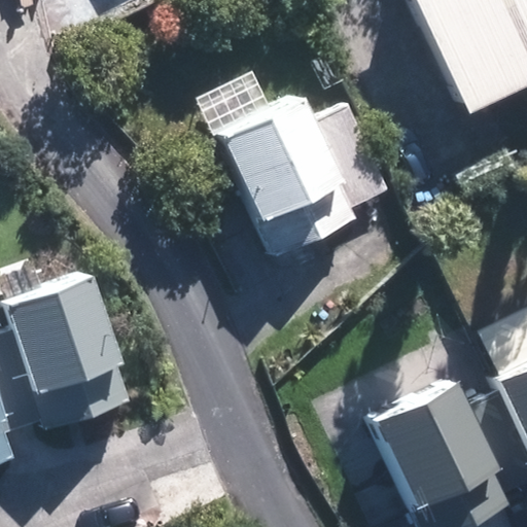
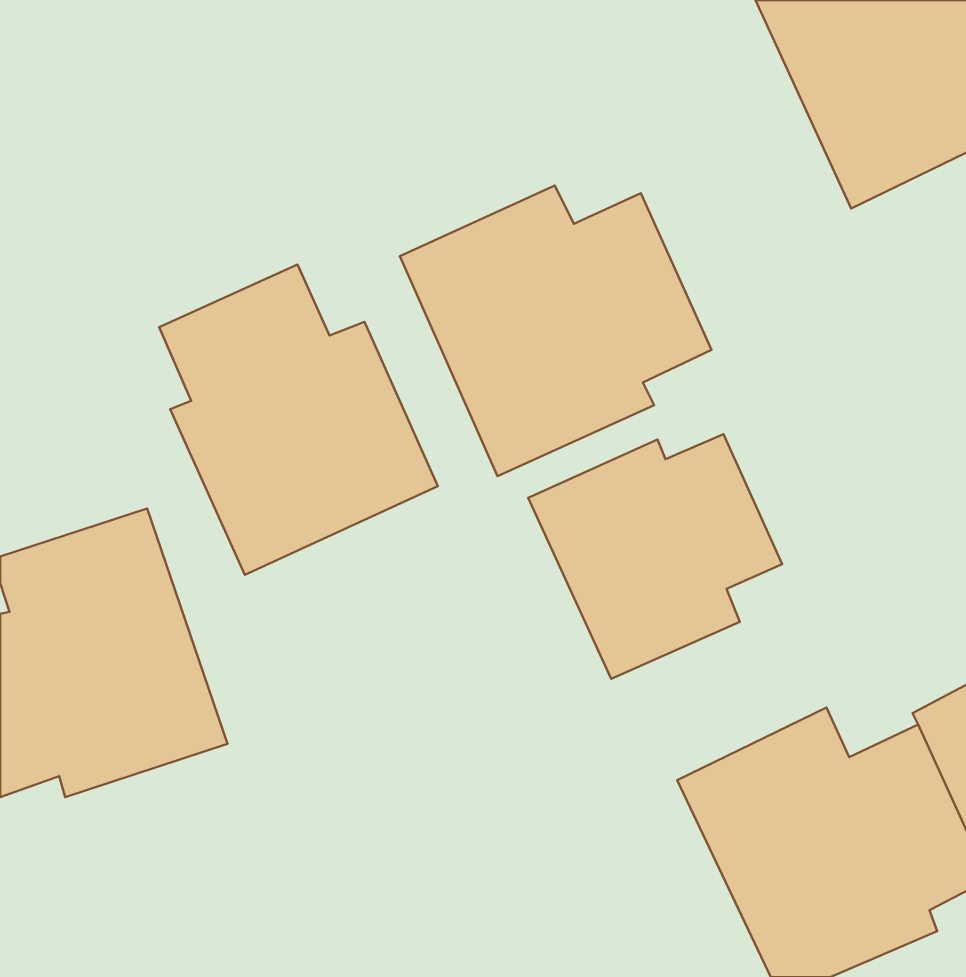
building: none -> [159,265,438,575]
building: none -> [528,434,782,679]

